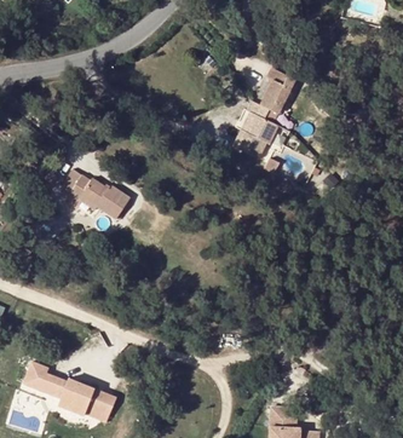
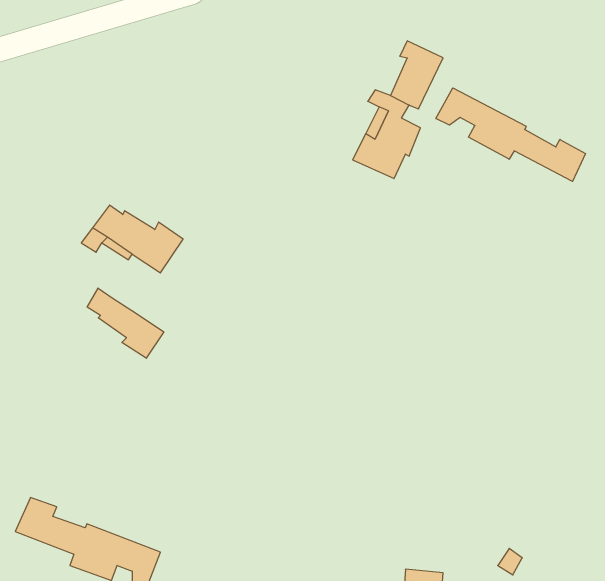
building: none -> [436,88,586,181]
building: none -> [87,288,164,358]

